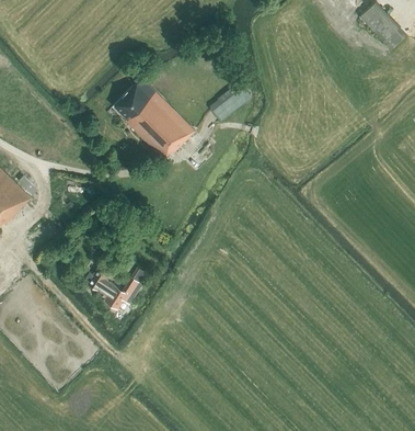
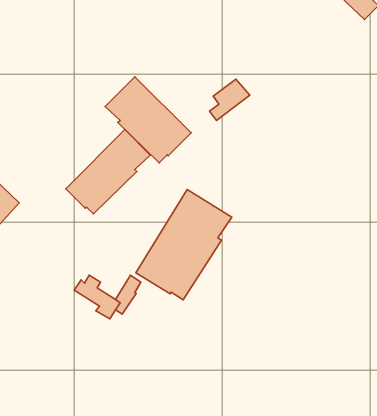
building: none -> [66,130,150,214]
building: none -> [136,190,232,300]

